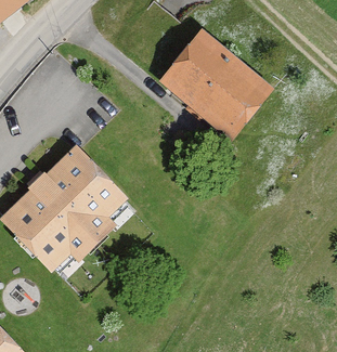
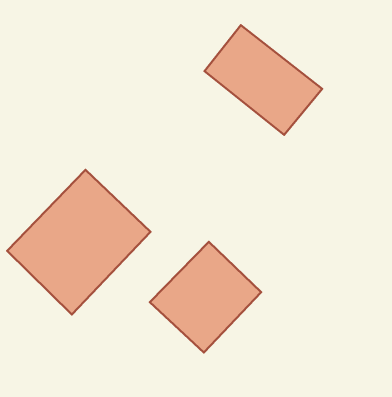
building: none -> [150,242,261,352]

